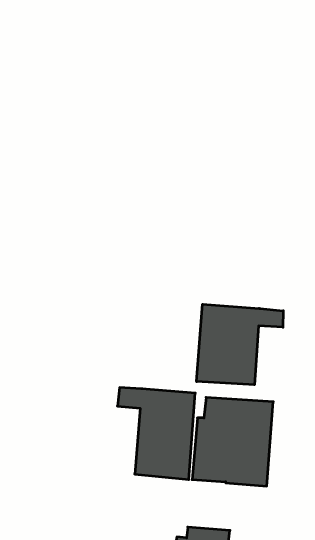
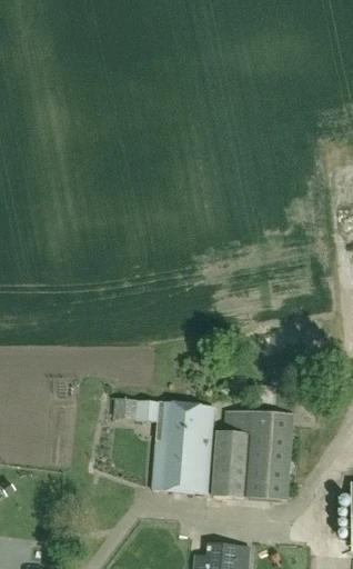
building: [197,304,283,385] -> none

